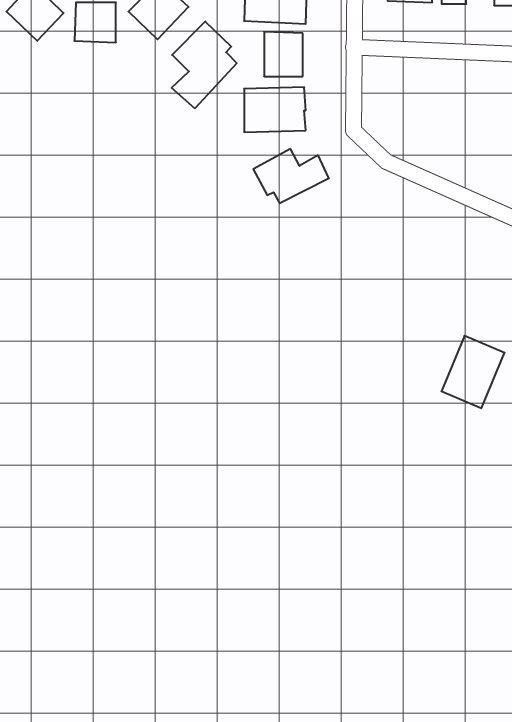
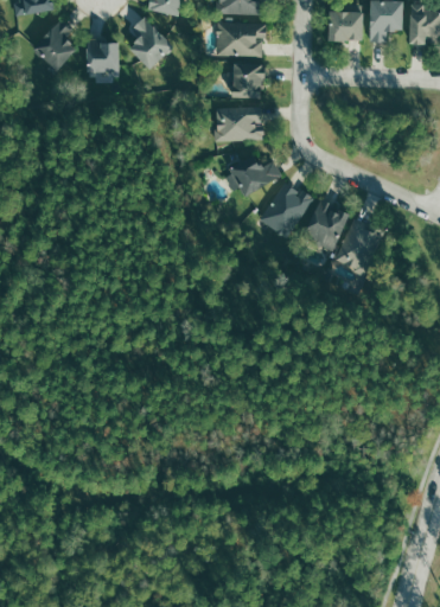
building: [172,21,237,108] -> none
building: none -> [260,181,314,241]
building: none -> [304,200,350,250]
building: [441,336,505,408] -> [336,221,384,276]

